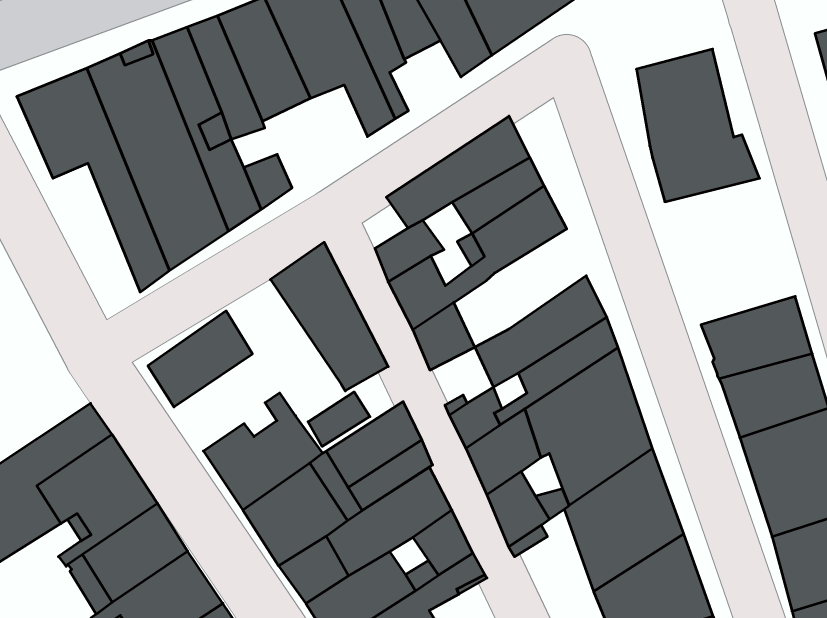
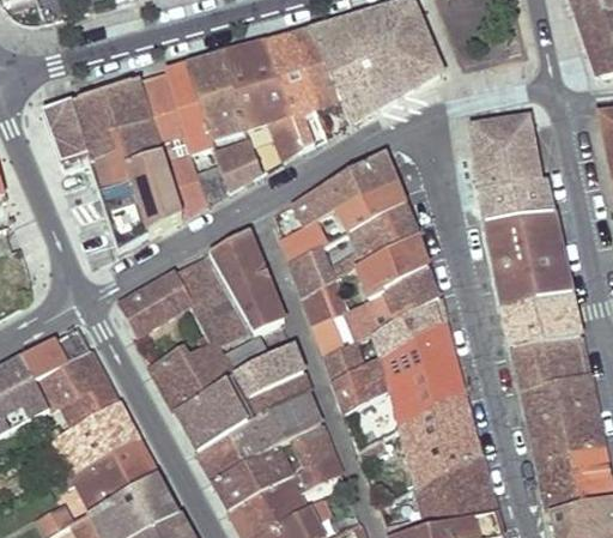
building: none -> [216,139,262,188]
building: none -> [486,208,571,307]
building: none -> [358,232,427,298]
building: none -> [176,250,251,346]

